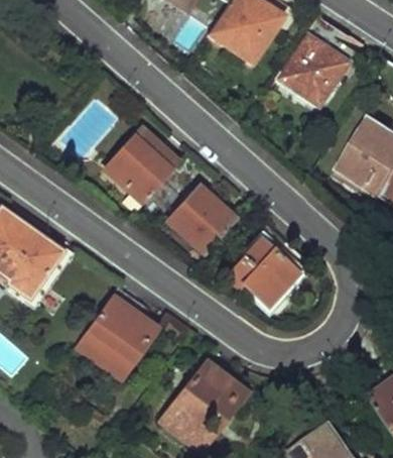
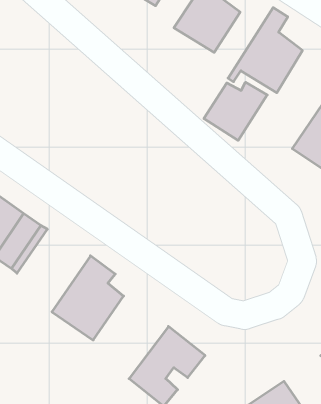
building: none -> [204,82,267,140]
building: [106,133,175,203] -> none
building: [169,188,236,254] -> none
building: [231,227,307,308] -> none

